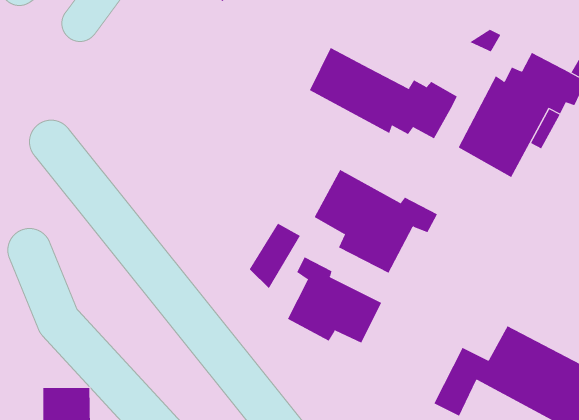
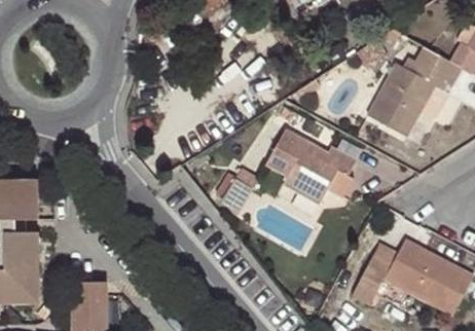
building: [309,47,458,139] -> none
building: [287,256,382,344] -> none

